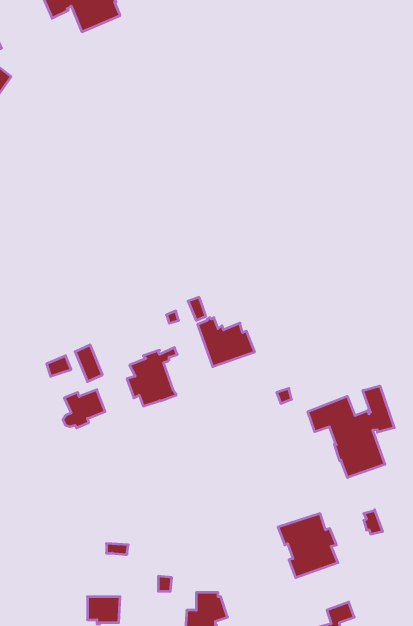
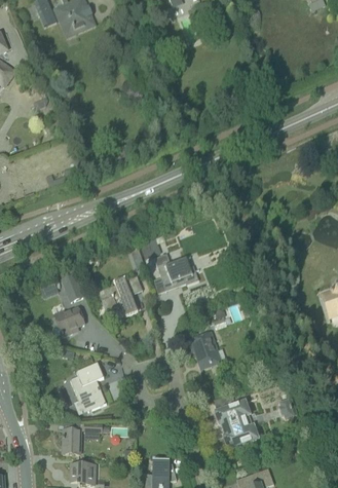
building: [308,386,394,478] -> none
building: none -> [189,331,220,368]
building: none -> [70,362,106,410]
building: none -> [63,429,81,453]

